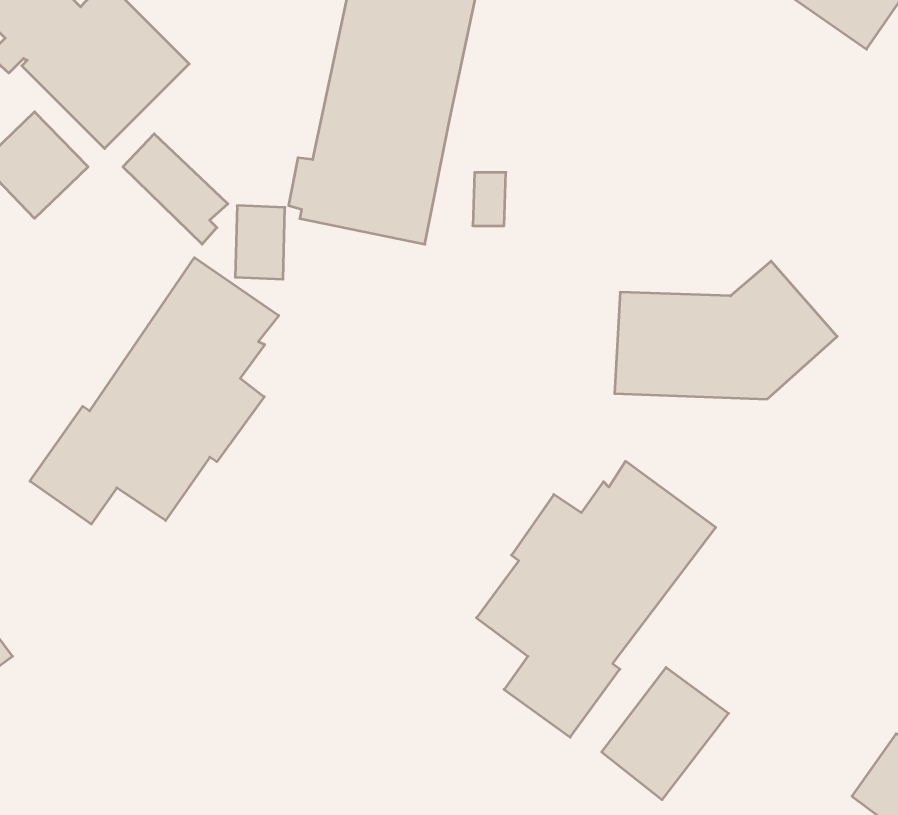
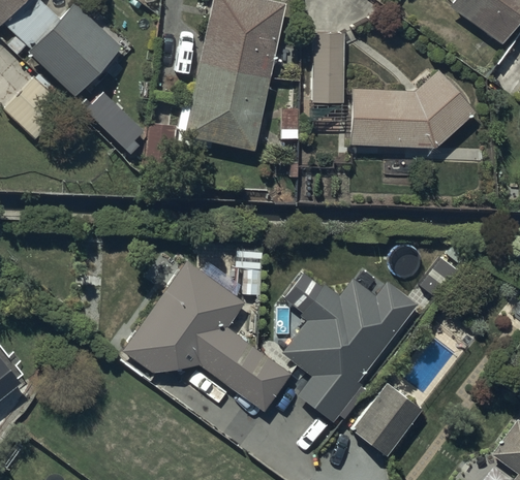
building: none -> [312,29,344,98]
building: [30,258,279,524] -> none
building: [615,261,837,399] -> [349,66,475,143]
building: none -> [122,263,292,414]

